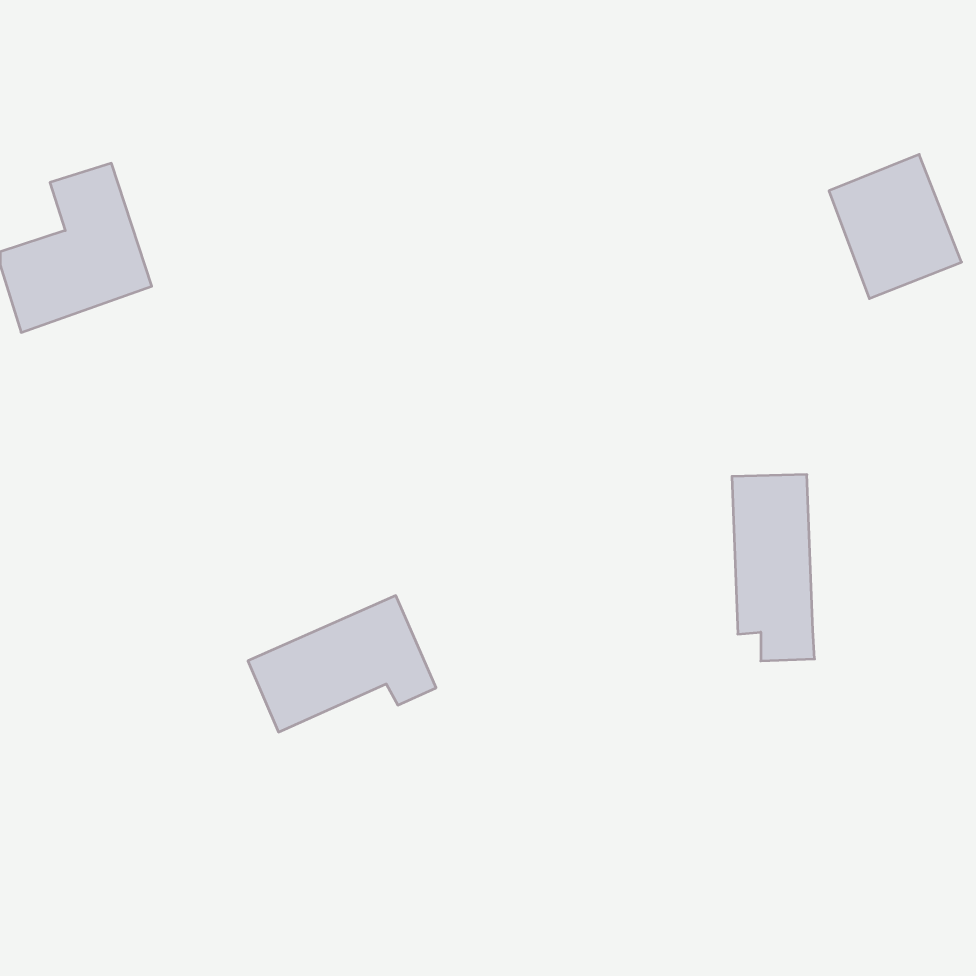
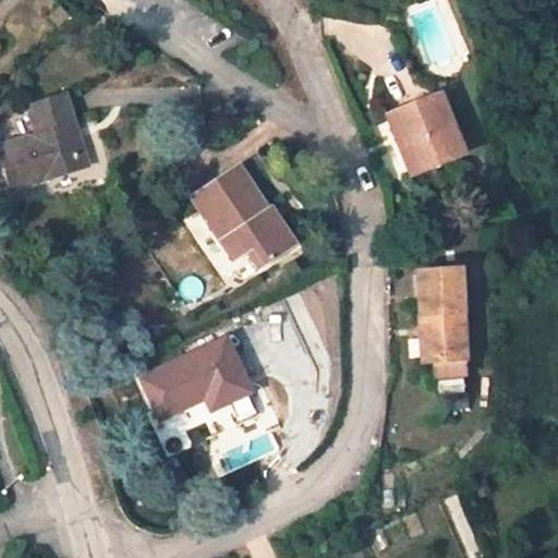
building: [829,154,962,299] -> [390,92,465,173]
building: none -> [193,166,294,260]

